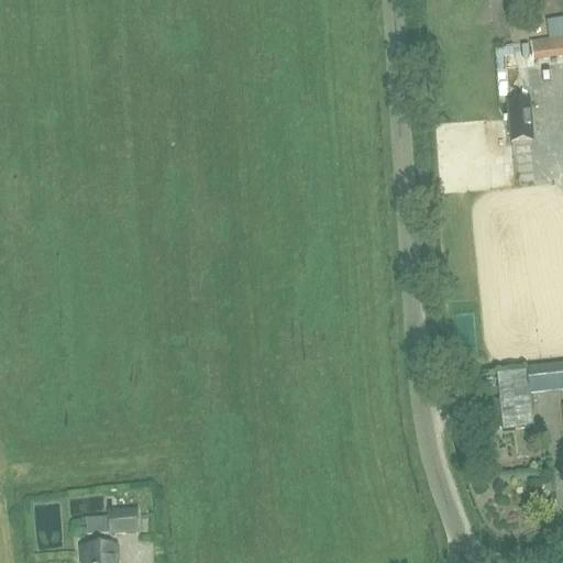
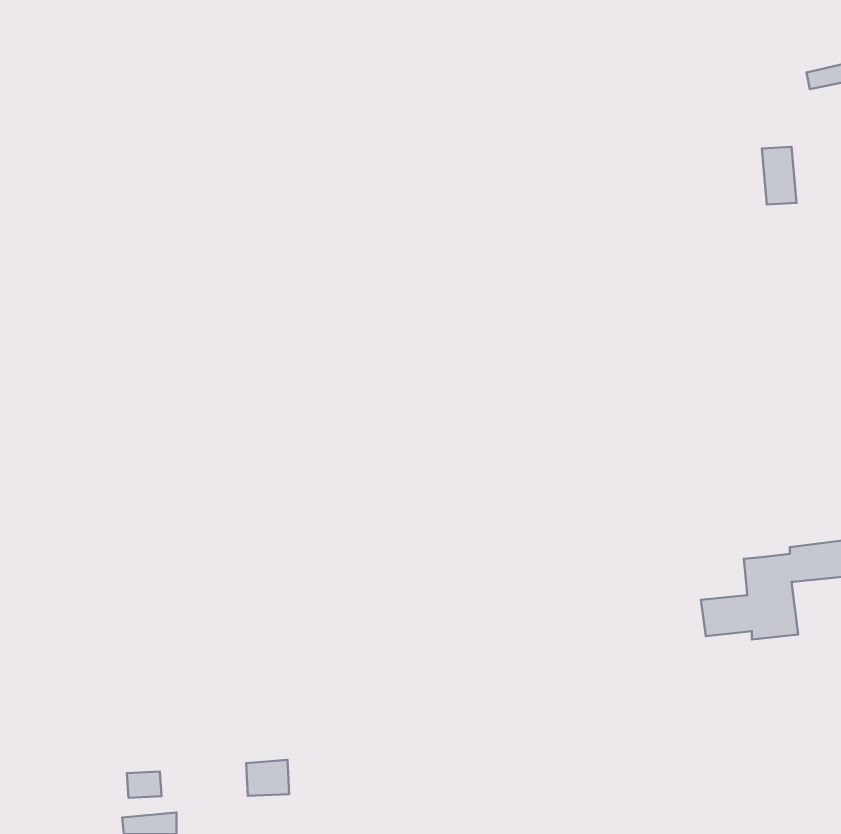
building: [110,506,139,530] -> [246,760,289,796]

